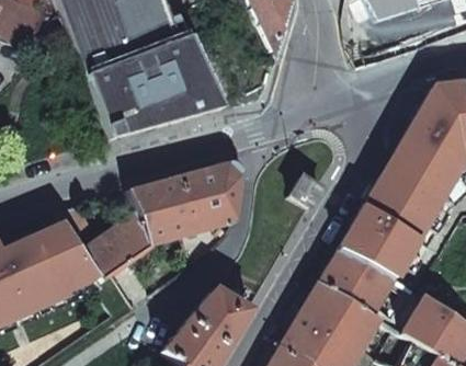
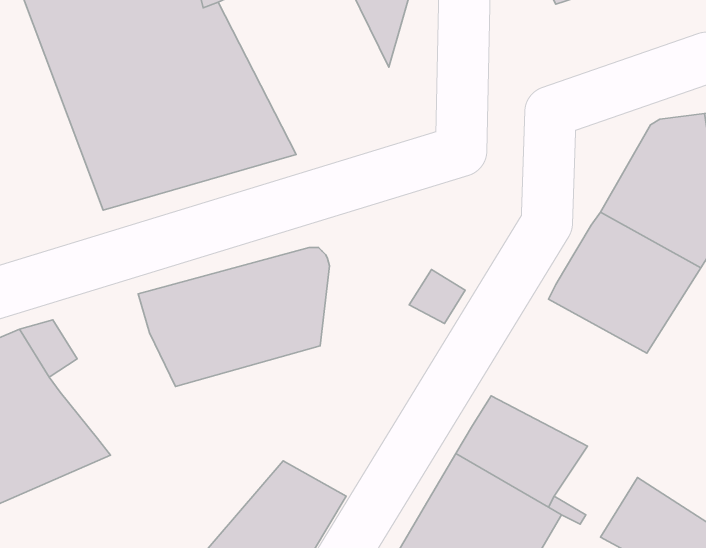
building: [339,191,431,277] -> none
building: [84,210,152,273] -> none

